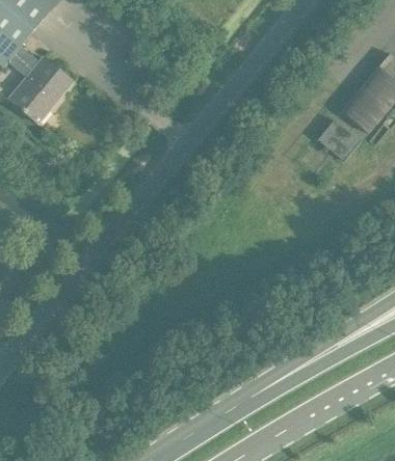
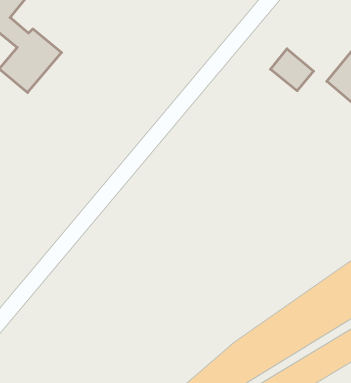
building: [316,118,360,161] -> [270,49,314,91]

